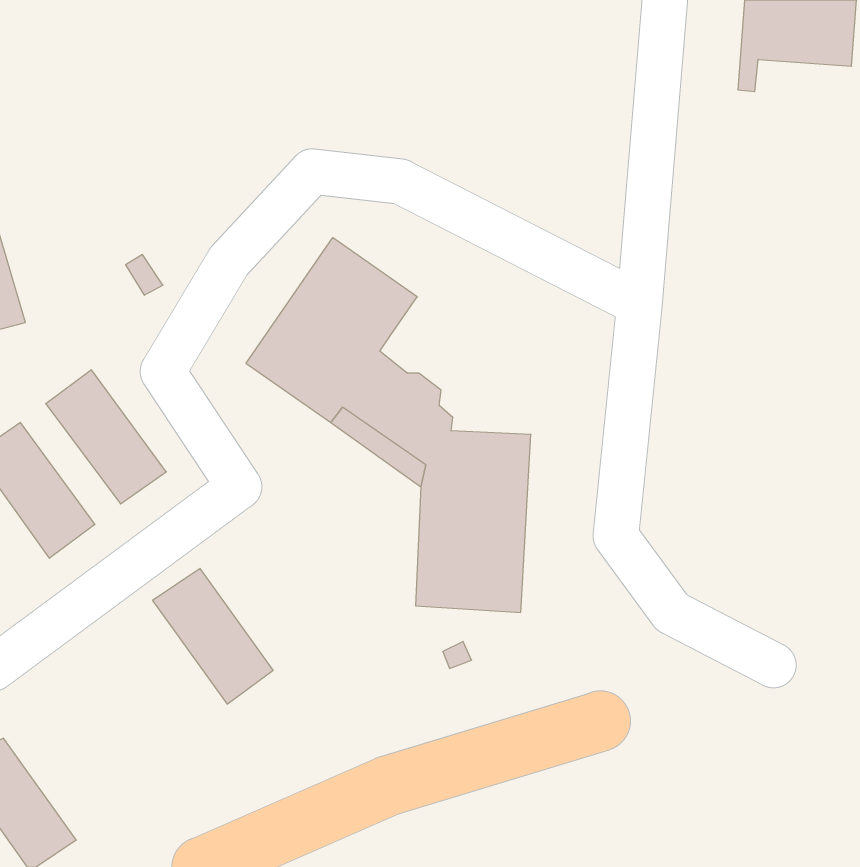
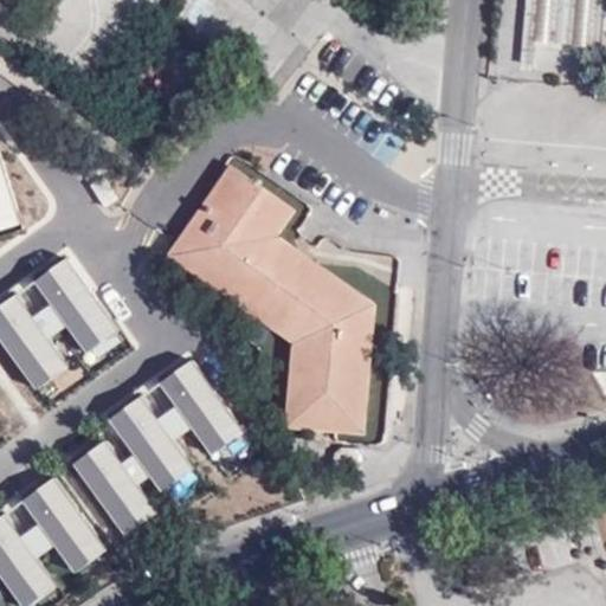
building: none -> [265,234,370,303]
building: none -> [157,360,241,454]
building: none -> [71,440,155,535]
building: none -> [20,478,104,573]

